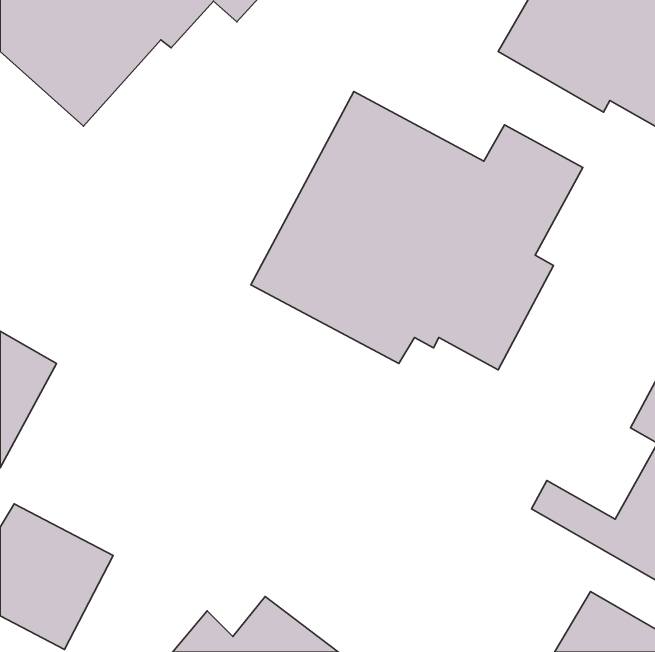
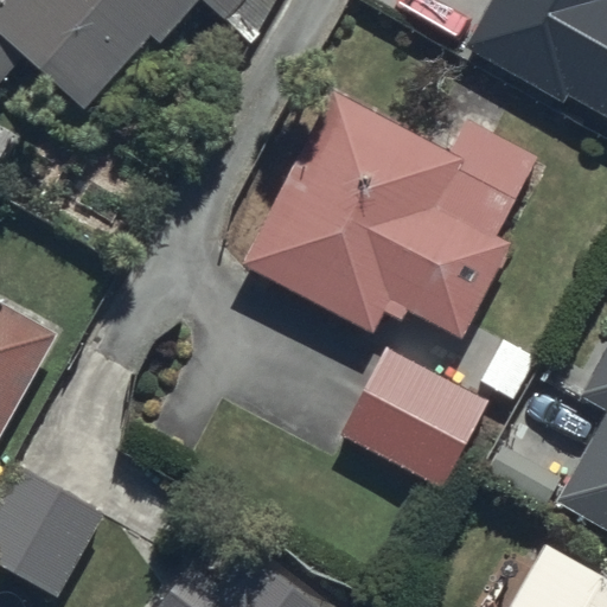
building: none -> [338,346,488,488]

